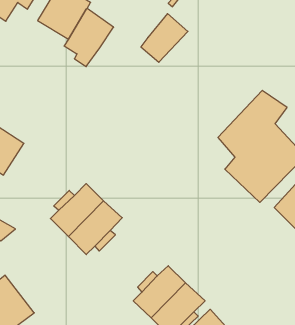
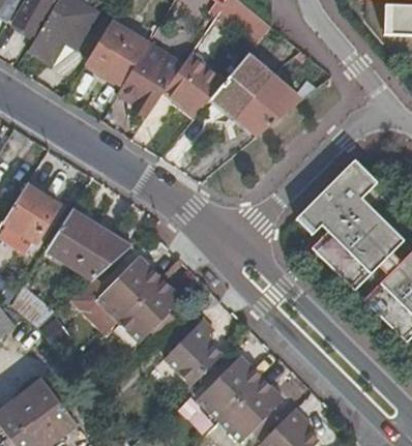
building: none -> [156,57,214,117]
building: none -> [228,76,292,132]
building: none -> [50,217,127,283]
building: none -> [166,322,222,386]

